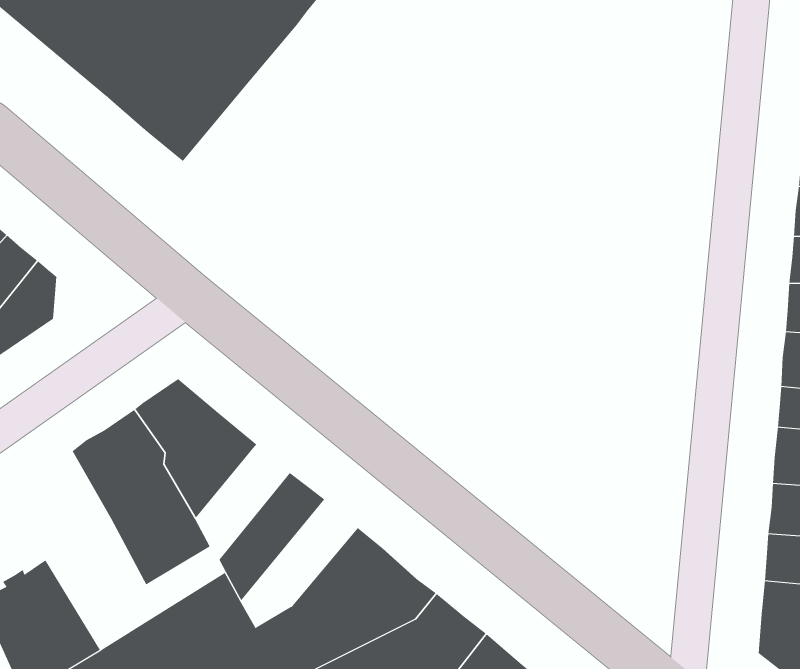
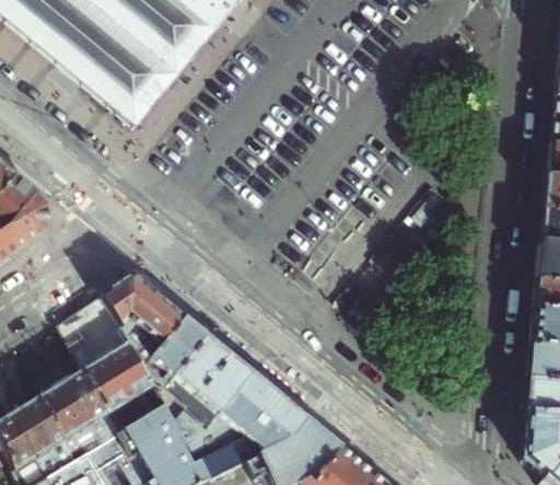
building: none -> [143,313,207,391]
building: none -> [174,350,253,437]
building: none -> [42,363,119,452]

